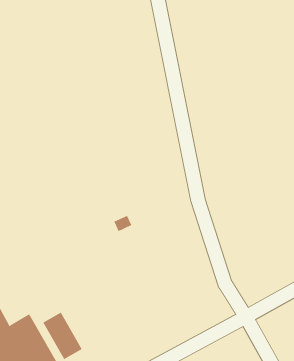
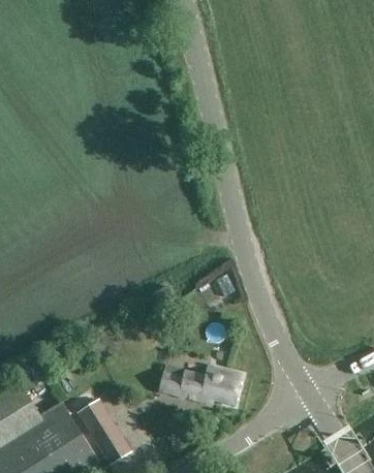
building: none -> [159,364,240,402]

